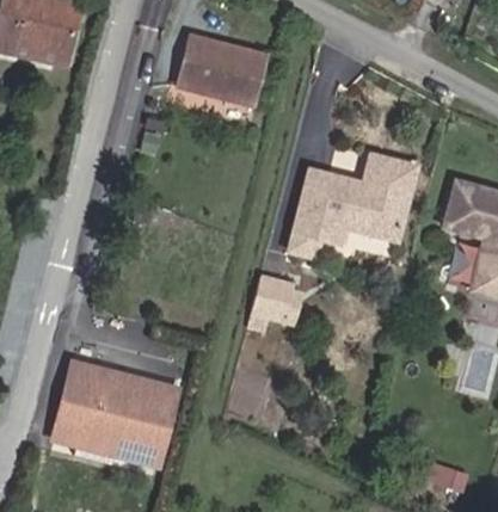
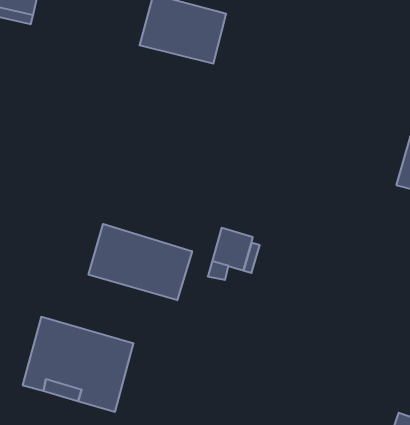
building: [294,154,418,246] -> none
building: none -> [89,224,192,300]

